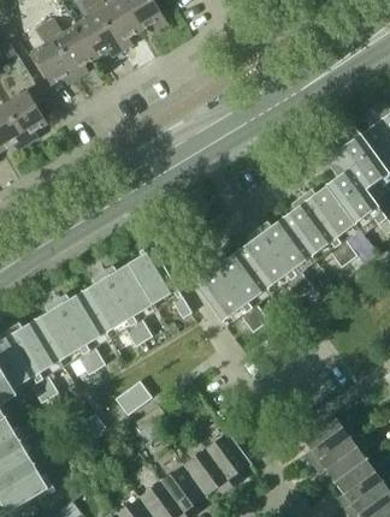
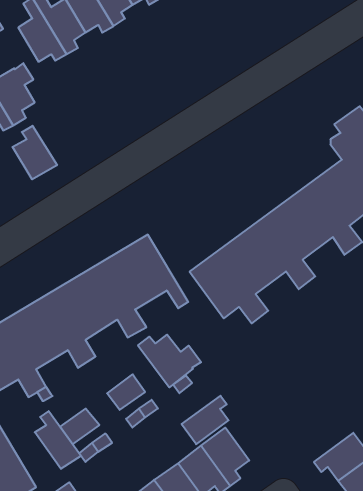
building: none -> [12,126,57,179]
building: none -> [138,335,201,387]
building: none -> [182,396,229,444]
building: [301,412,348,463] -> none
building: none -> [35,411,81,469]

